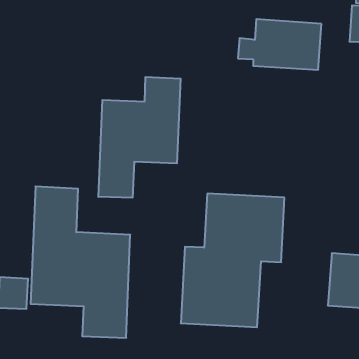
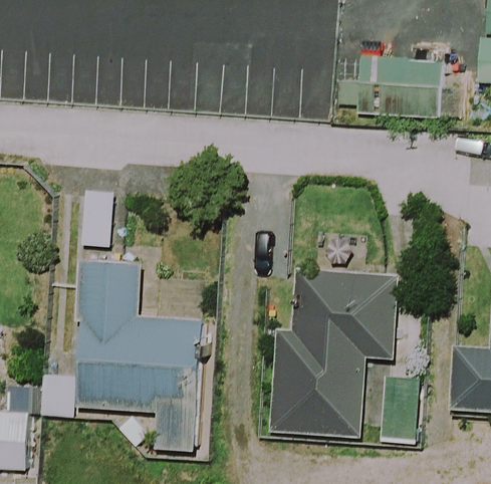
building: [98,77,181,198] -> none

